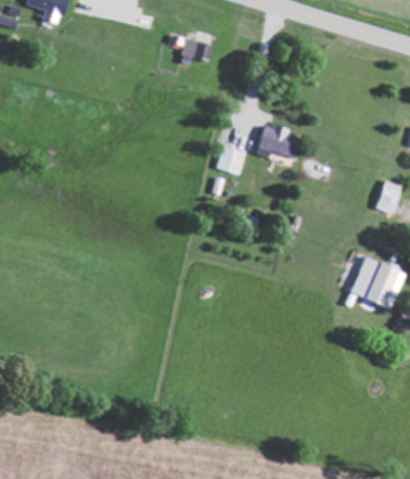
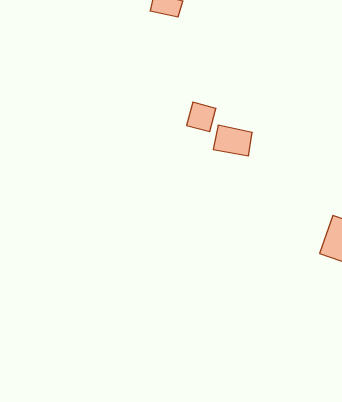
building: [255,125,294,155] -> [213,125,252,156]

